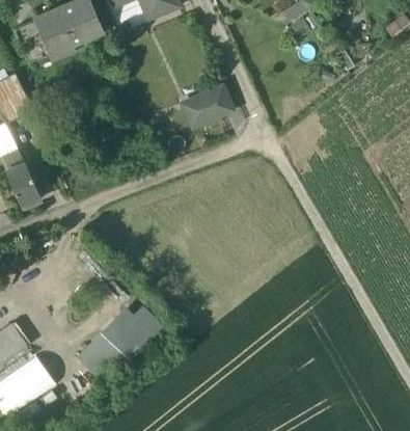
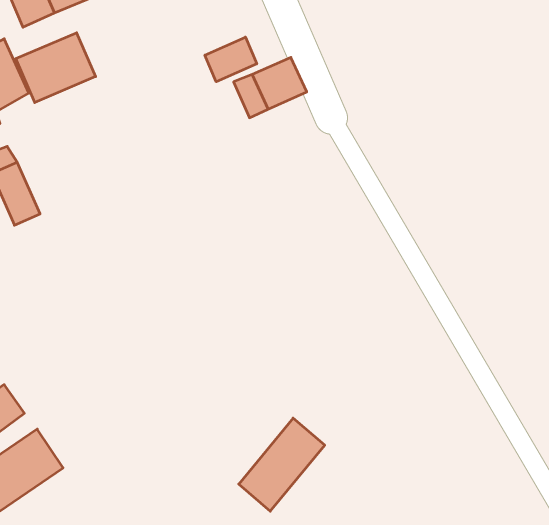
building: none -> [16,33,96,103]
building: none -> [205,37,257,82]
building: [86,308,148,376] -> [239,418,325,511]

